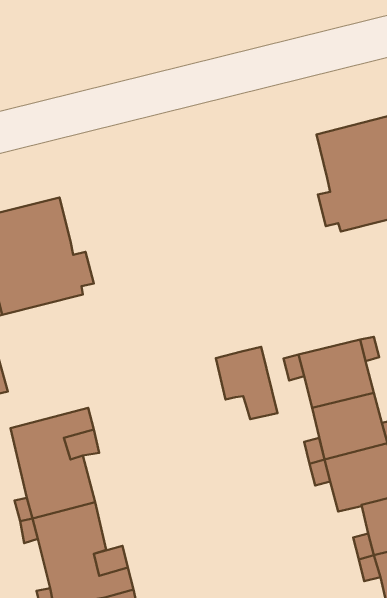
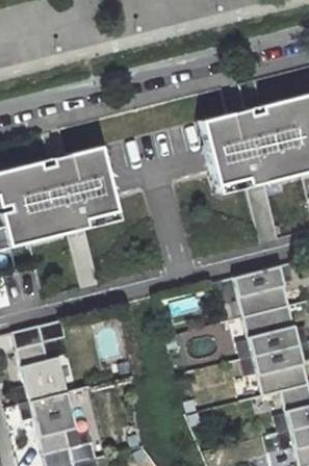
building: none -> [199,112,265,195]
building: none -> [59,146,117,231]
building: [216,347,278,419] -> none

